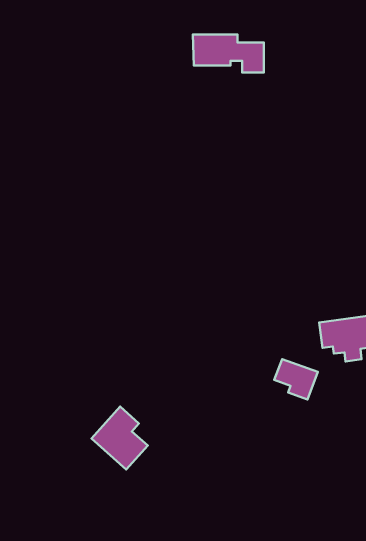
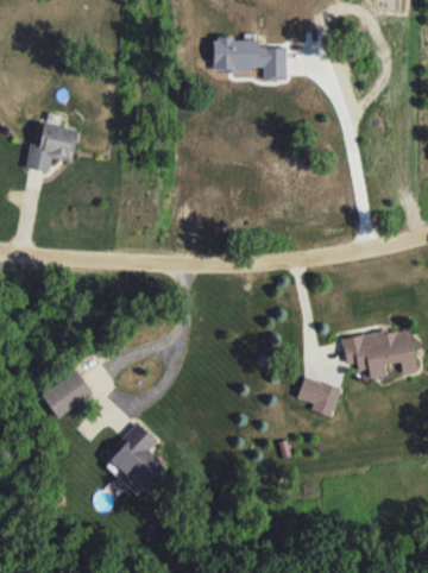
building: none -> [25,125,76,172]
building: none -> [39,370,92,418]

